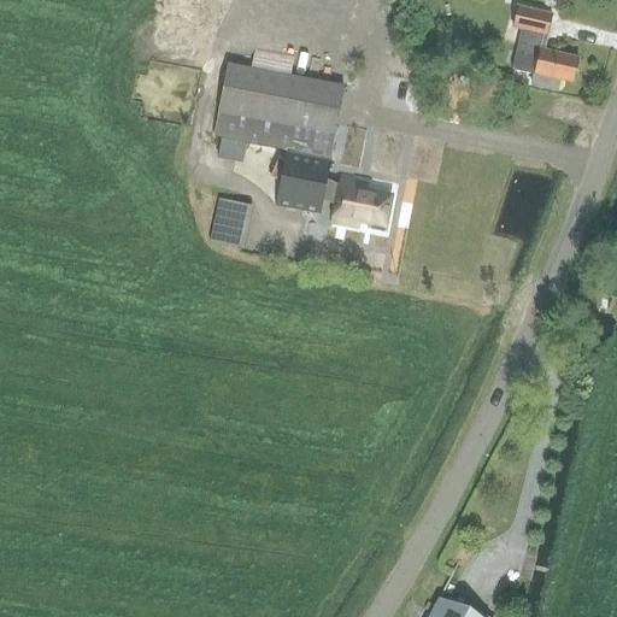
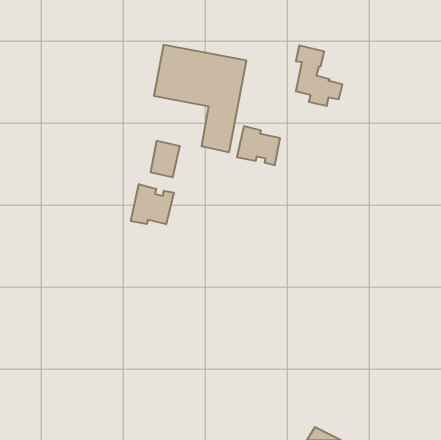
building: [512,5,577,89] -> [296,45,342,106]
building: none -> [131,184,174,224]

